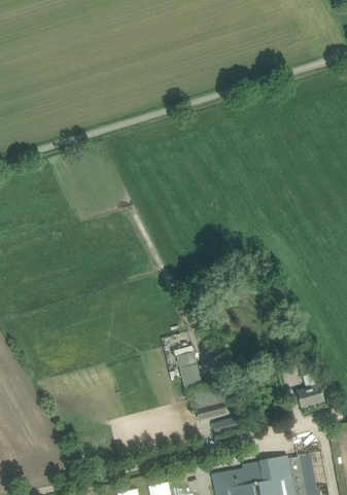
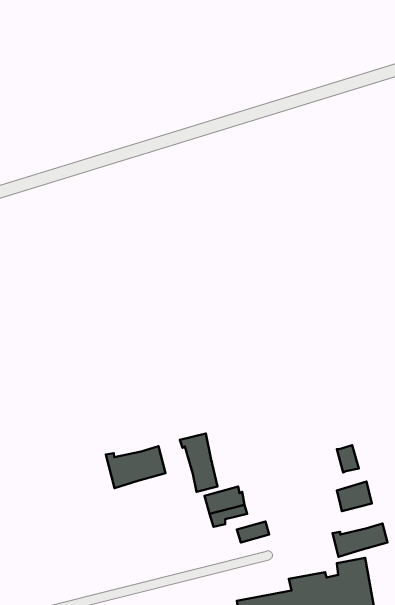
building: none -> [106,446,165,488]
building: none -> [332,524,387,557]

